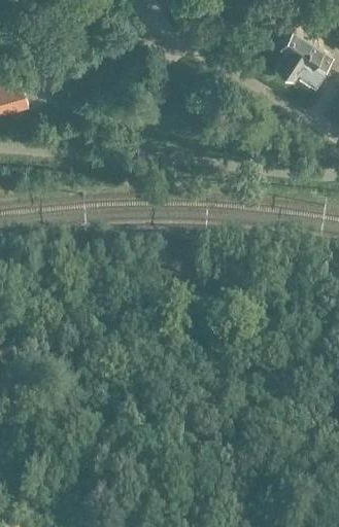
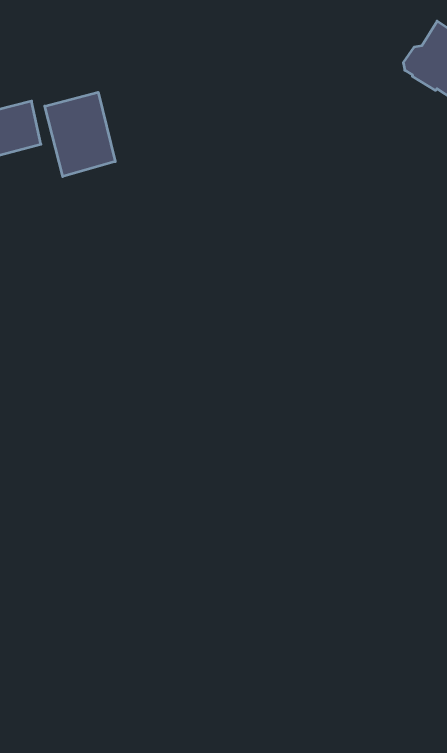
building: none -> [45,92,115,177]

